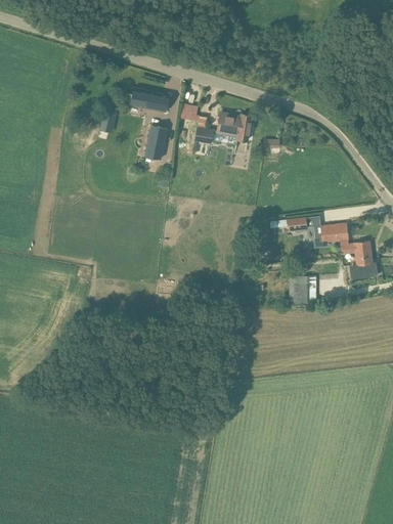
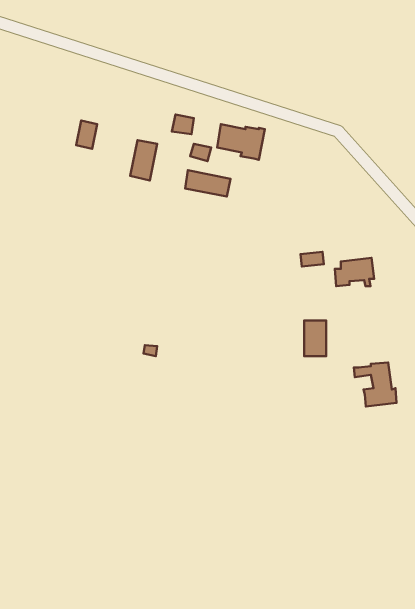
building: [131,88,169,112] -> none
building: none -> [185,170,231,196]
building: [341,243,377,279] -> [354,362,397,407]

